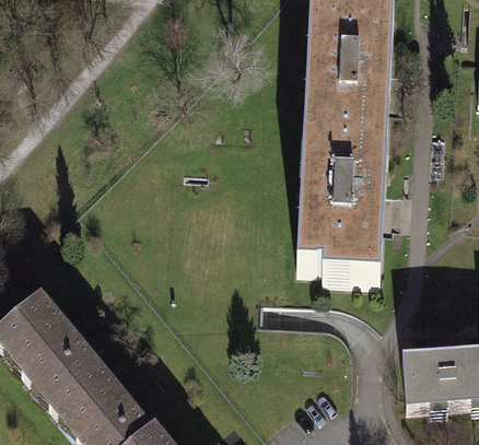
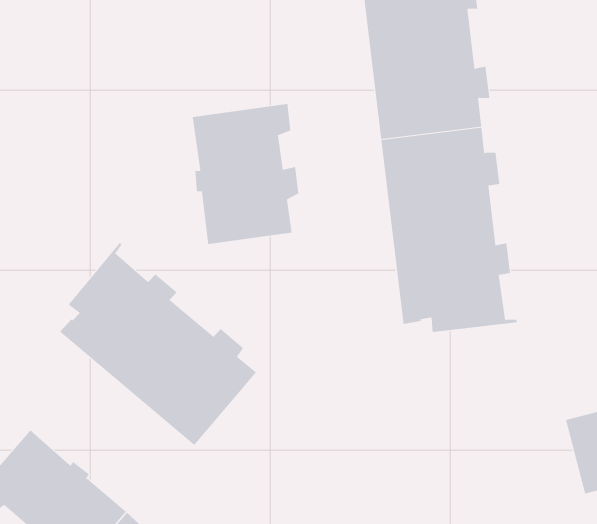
building: none -> [192,103,299,245]
building: none -> [59,242,257,446]

